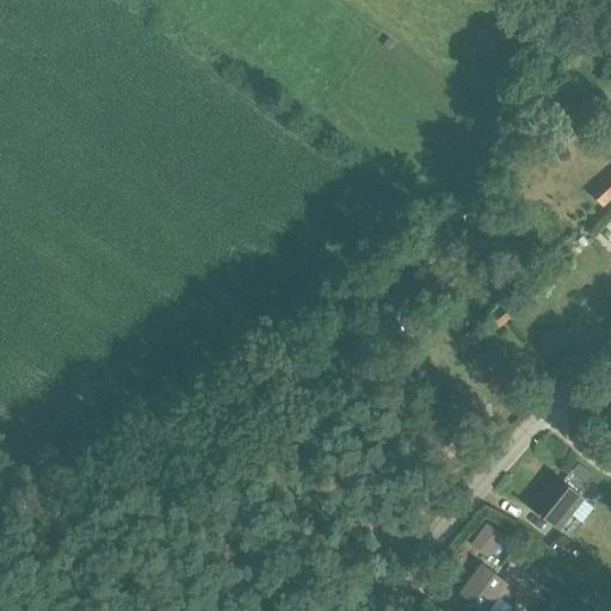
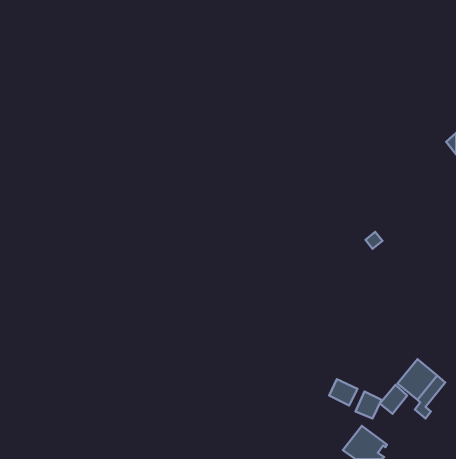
building: none -> [329,379,358,406]
building: none -> [380,385,407,414]

